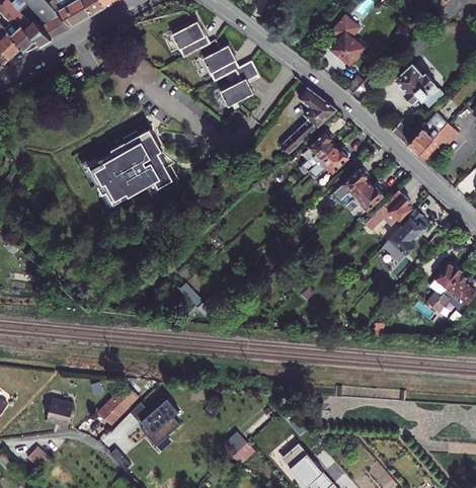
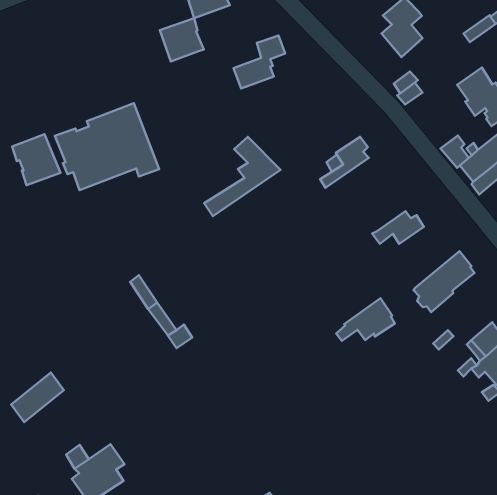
building: [202,45,238,81] -> [160,18,204,62]
building: [281,88,336,154] -> [204,137,281,216]
building: [305,147,348,179] -> none
building: none -> [12,134,61,185]
building: [334,168,369,206] -> none
building: [367,191,411,229] -> [336,298,395,341]
building: [100,383,140,424] -> [11,373,64,422]

